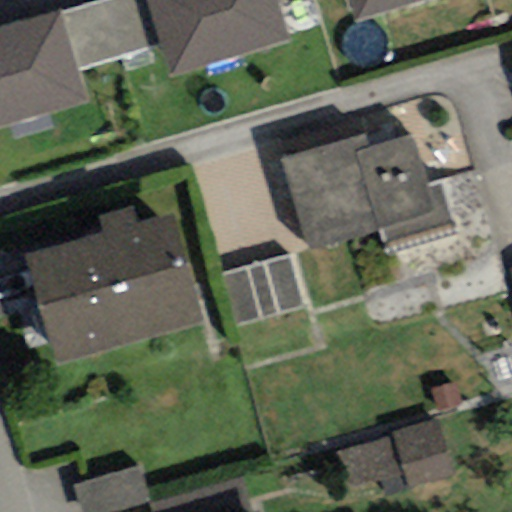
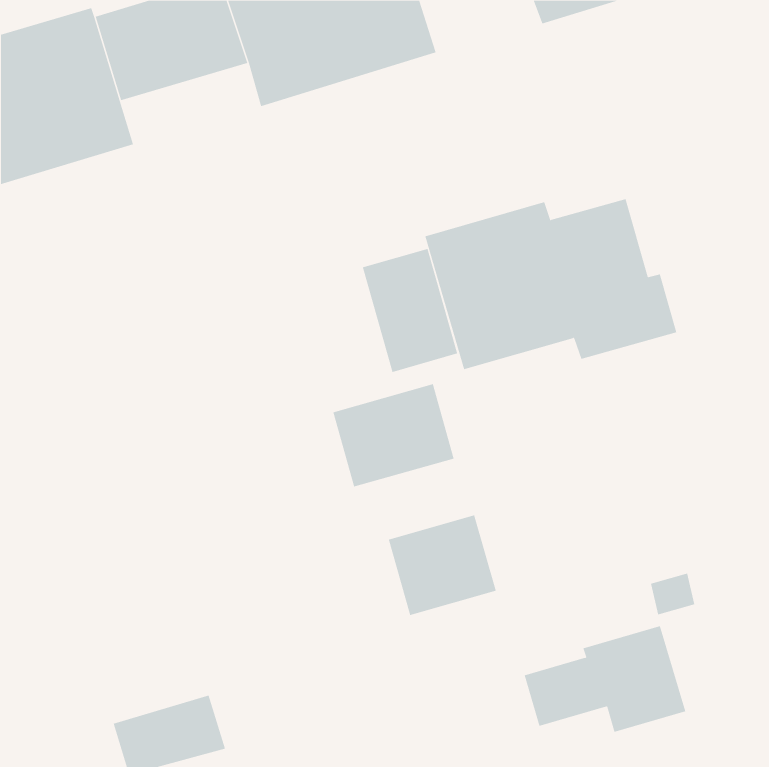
building: none -> [362,248,458,373]
building: [11,220,184,360] -> none
building: none -> [388,515,496,616]

